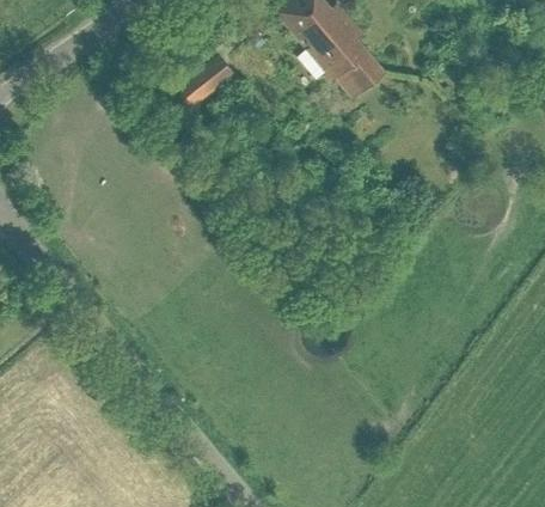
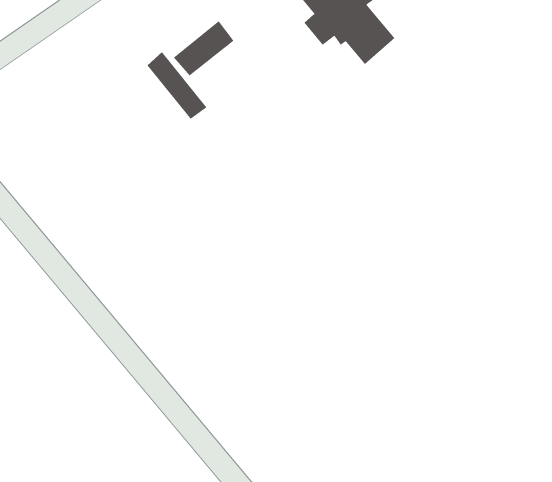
building: none -> [146,51,208,120]

